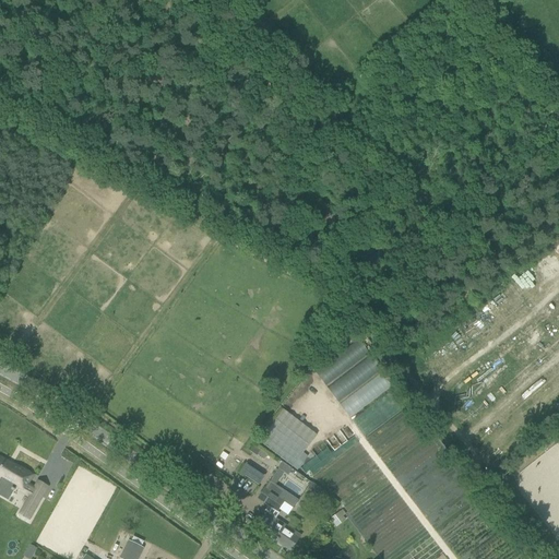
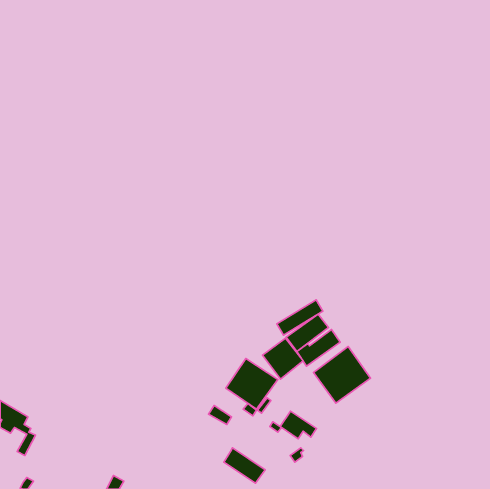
building: none -> [263,338,303,379]
building: none -> [313,347,371,403]
building: [259,479,300,511] -> [280,411,317,439]

